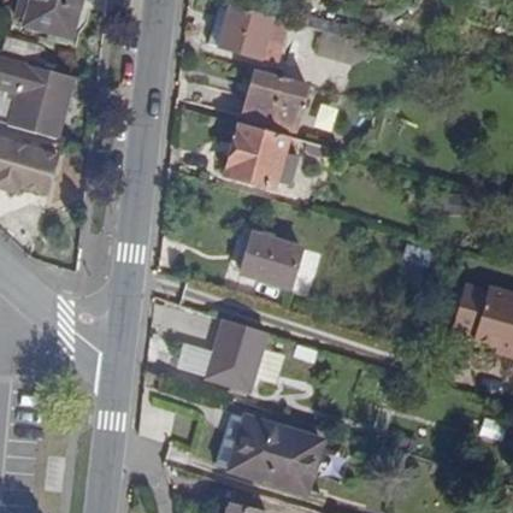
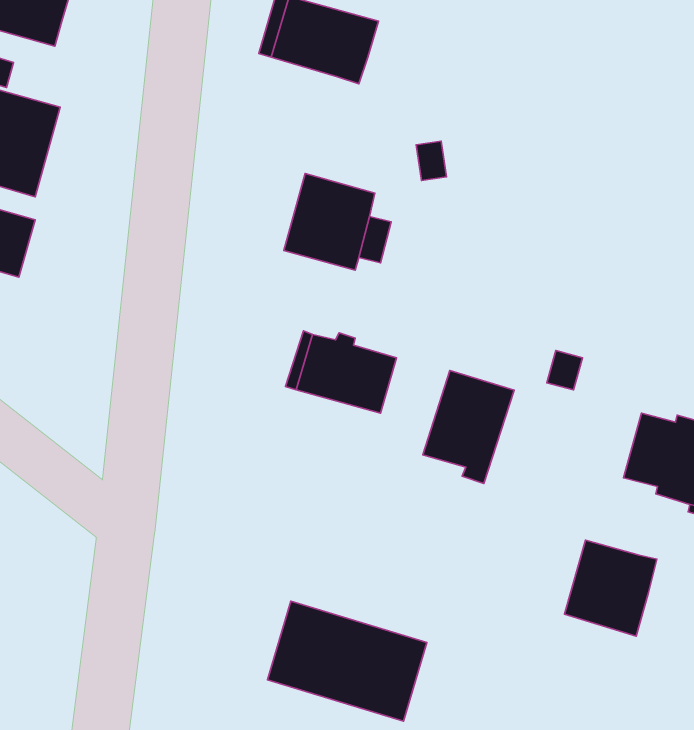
building: [242,71,307,130] -> none
building: [206,320,267,396] -> [423,371,514,483]
building: none -> [565,540,657,636]

